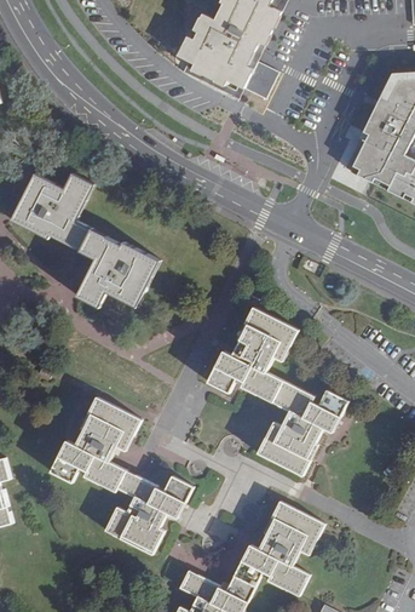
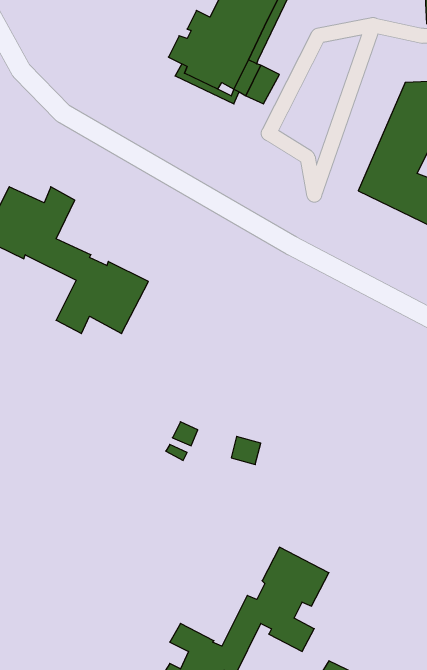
building: [206,303,345,471] -> none
building: [48,394,191,550] -> none

